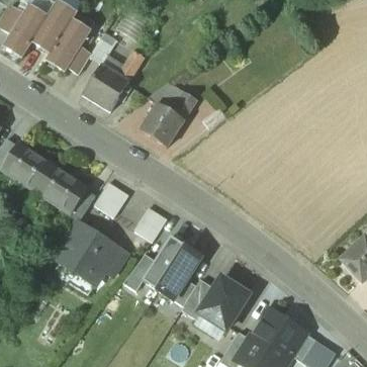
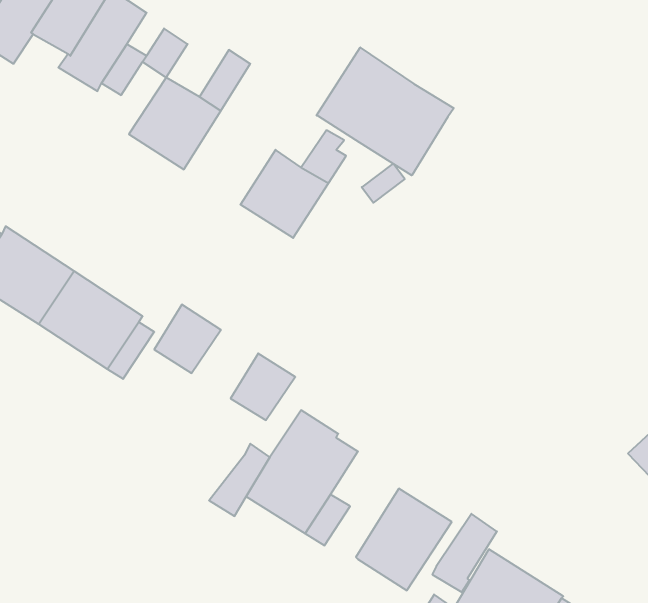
building: none -> [317,47,454,175]
building: [55,221,126,283] -> none
building: [181,278,214,318] -> [432,514,497,592]

